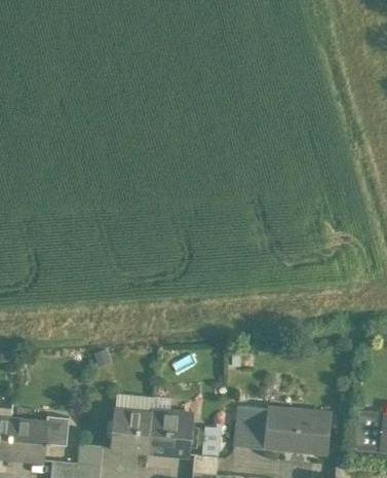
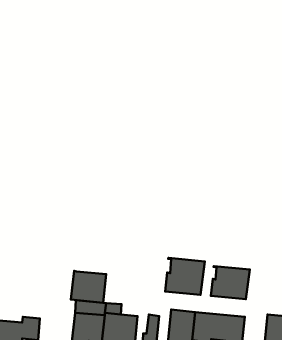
building: none -> [165,258,205,295]
building: none -> [211,266,250,299]
building: none -> [71,271,106,303]

